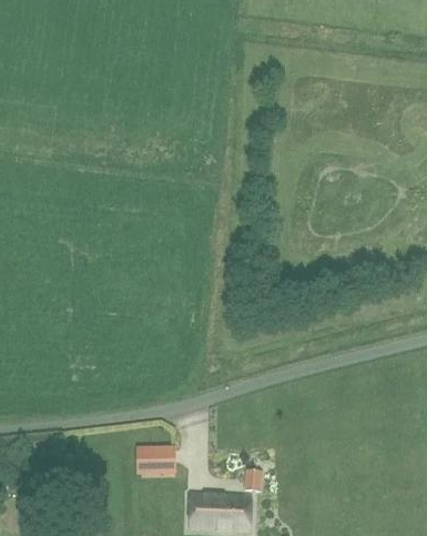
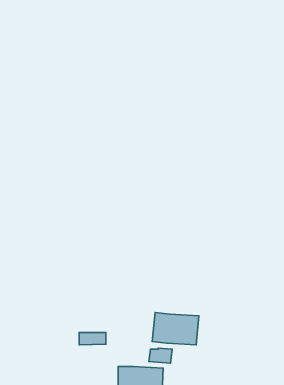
building: none -> [152,312,199,345]

